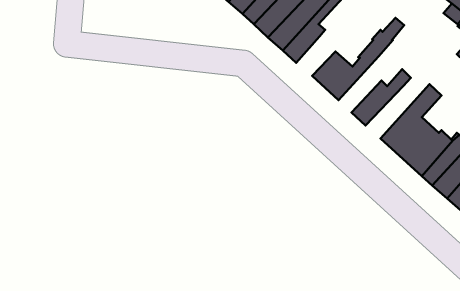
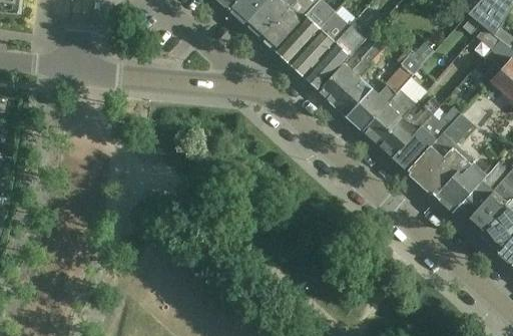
building: none -> [319,42,385,103]
building: none -> [364,82,423,142]
building: none -> [393,105,461,171]

